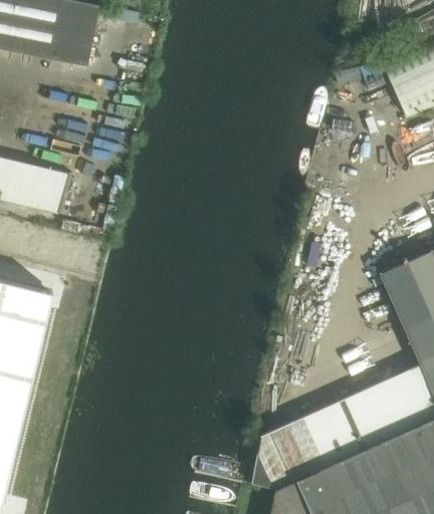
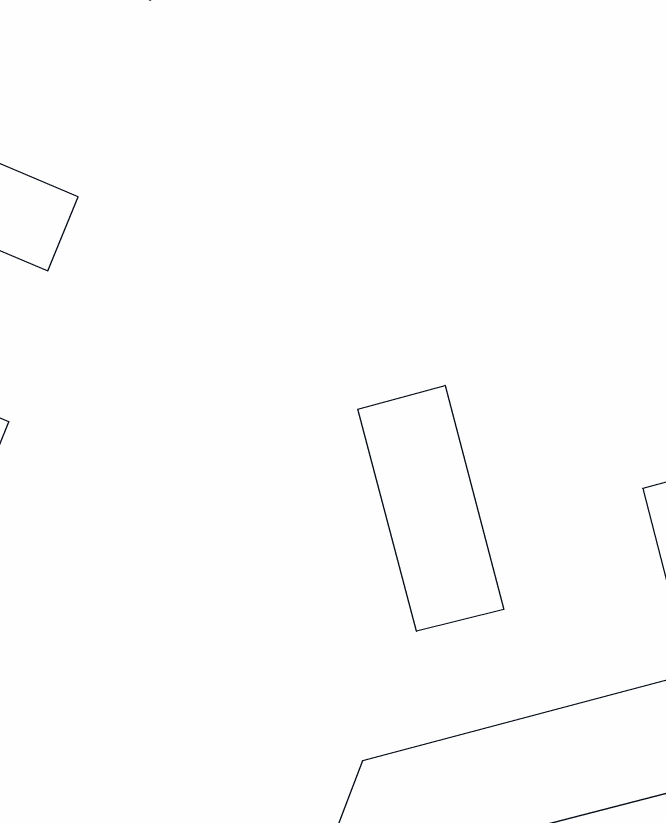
building: none -> [358,385,504,631]

